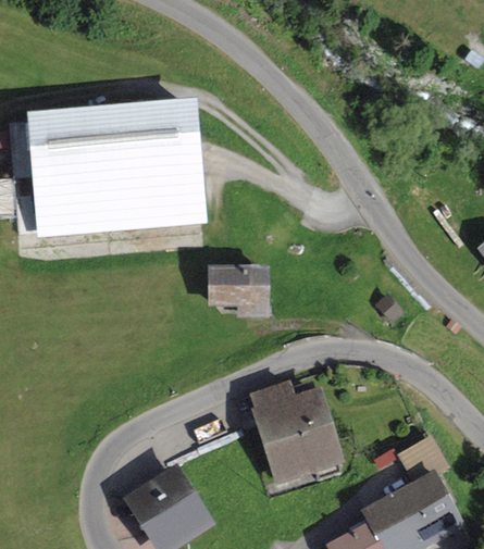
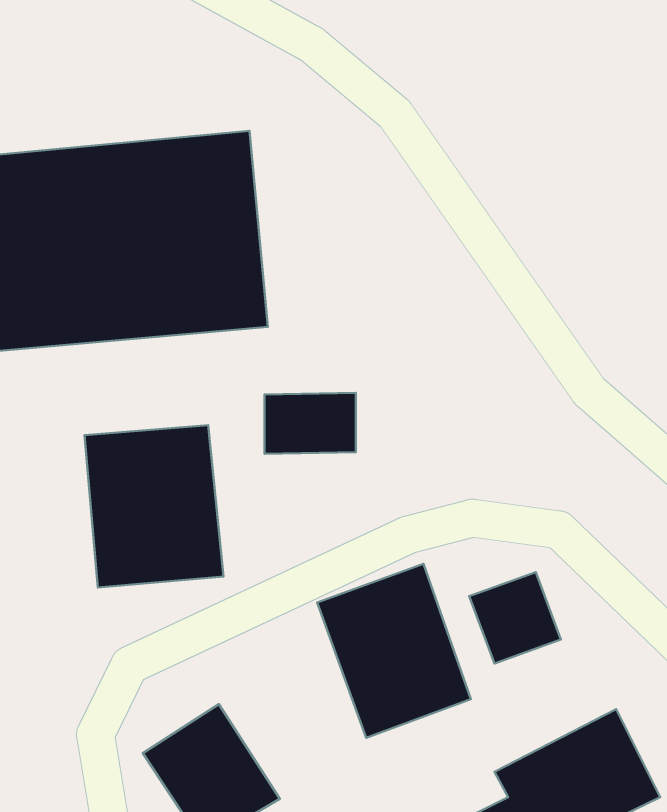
building: none -> [84,425,223,587]
building: none -> [469,572,561,663]

